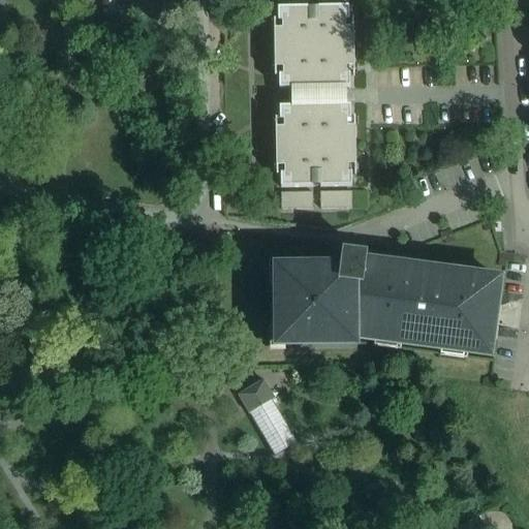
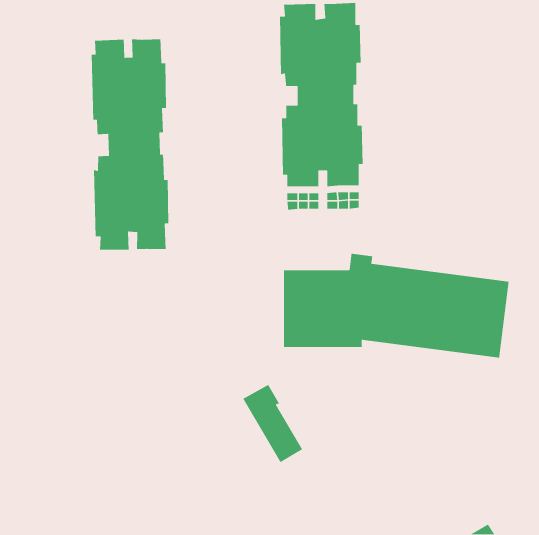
building: none -> [91,38,169,250]

